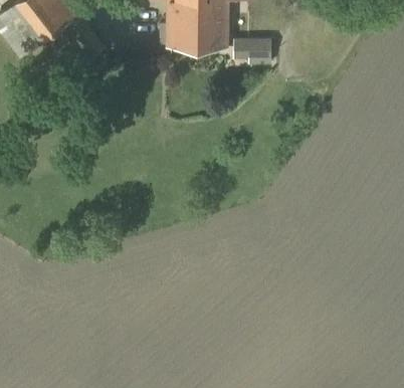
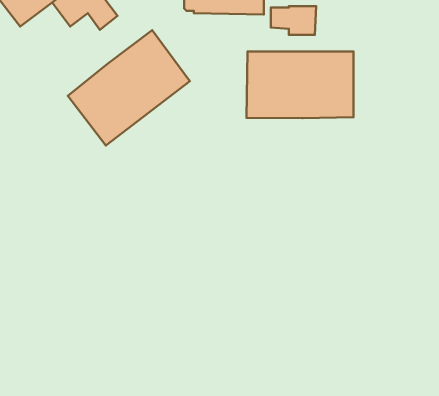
building: none -> [68,30,190,146]
building: none -> [247,52,354,118]

